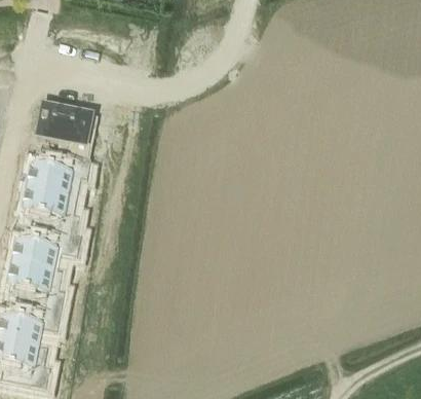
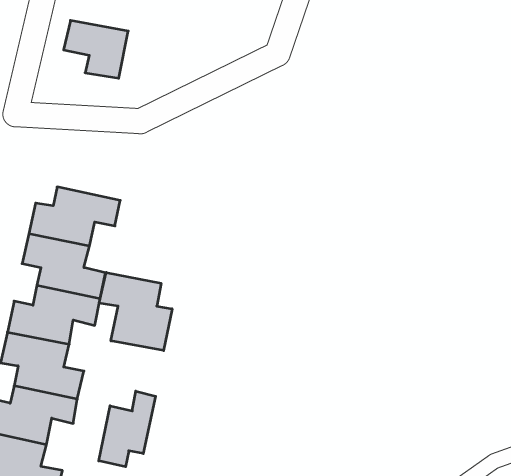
building: [41,112,90,156] -> [64,20,128,78]
building: none -> [99,272,172,351]
building: none -> [99,391,156,467]

